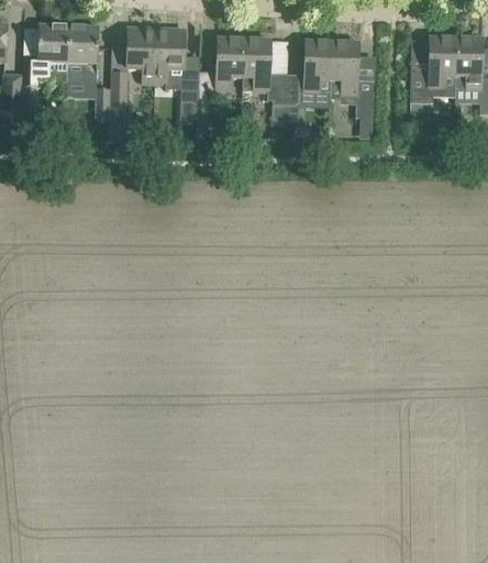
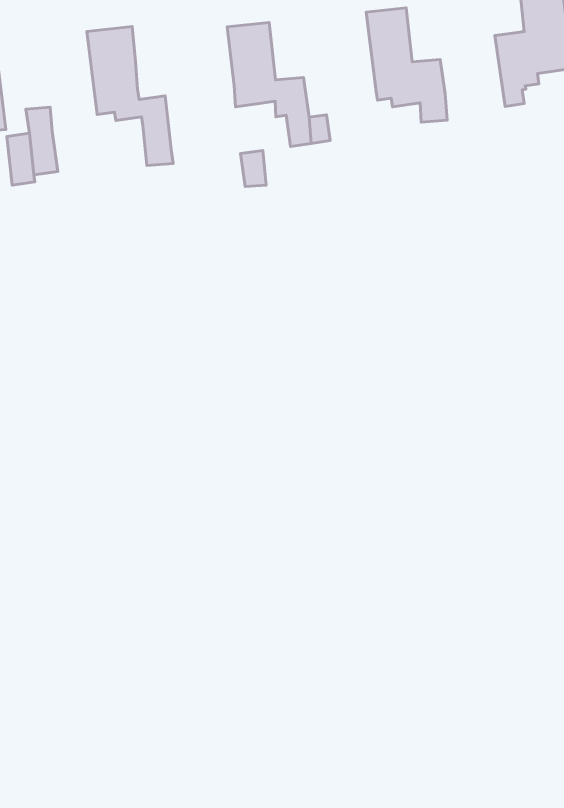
building: [126,26,156,80] -> none
building: [198,37,244,109] -> none
building: [291,40,332,91] -> none

